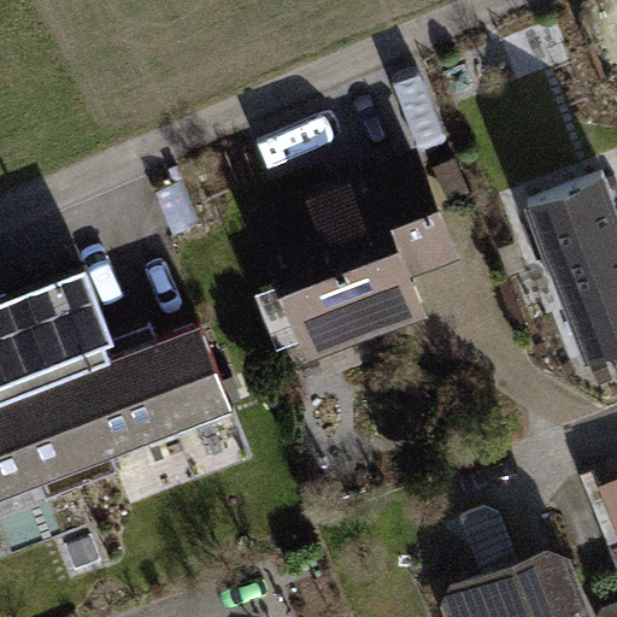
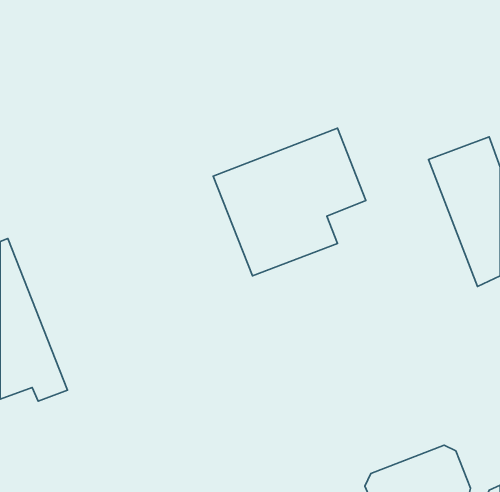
building: [10,277,233,490] -> none

